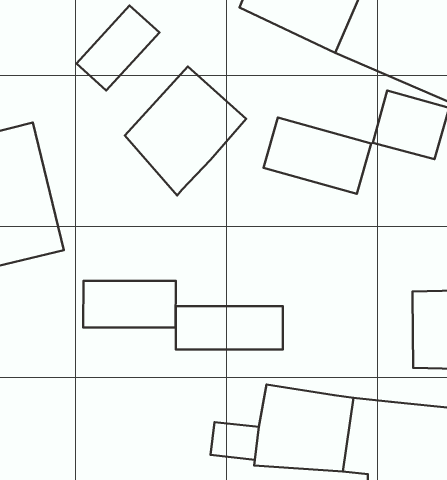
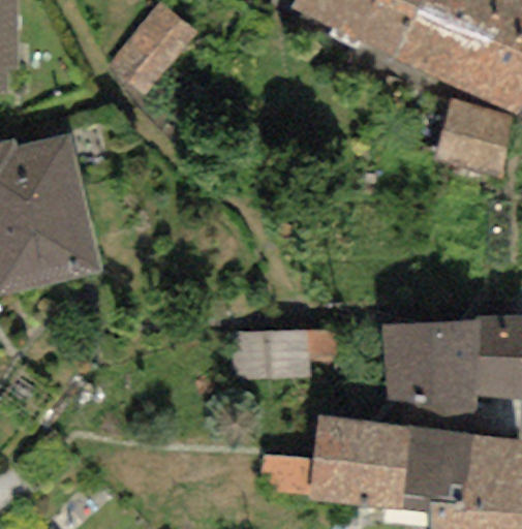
building: [125,67,246,195] -> none
building: [264,118,371,194] -> none
building: [83,281,176,327] -> none
building: none -> [381,318,475,432]

